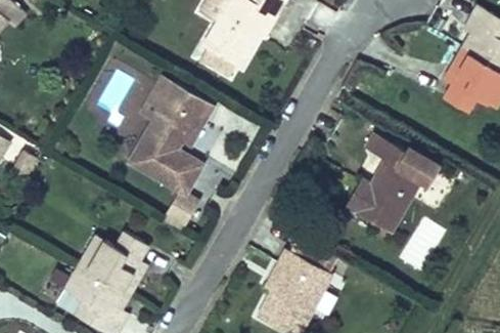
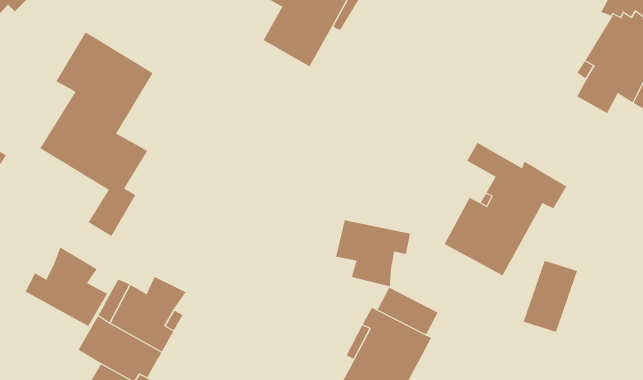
building: [125,78,212,235] -> [40,32,153,237]
building: none -> [336,220,410,287]
building: none -> [25,247,108,327]

